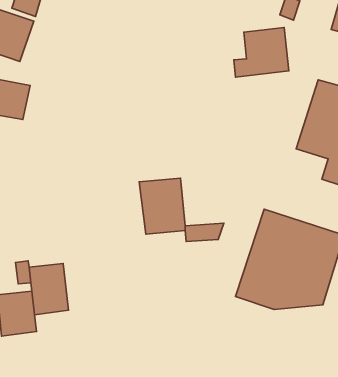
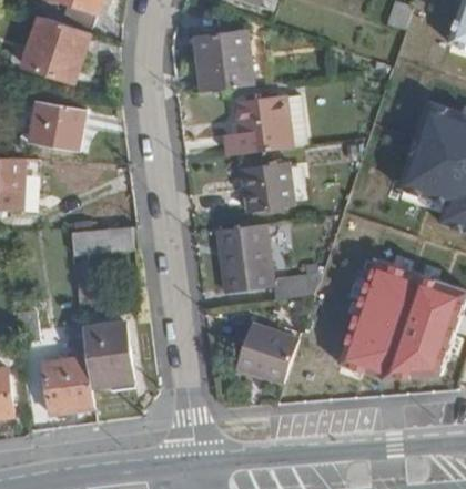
building: none -> [194,29,252,89]
building: [234,28,289,77] -> [225,95,292,155]
building: none -> [244,161,295,211]
building: none -> [71,226,139,256]
building: none -> [235,322,298,383]

